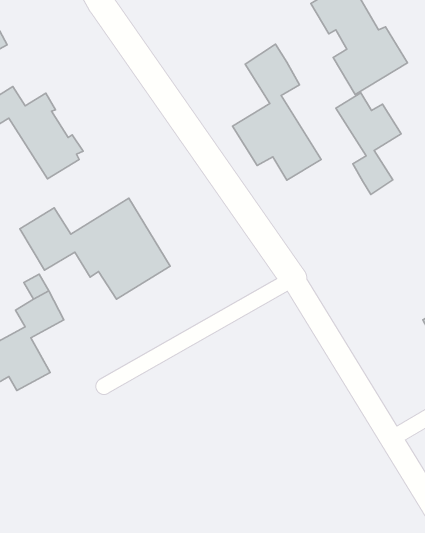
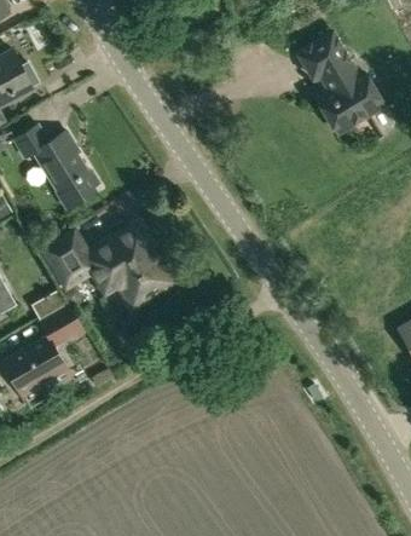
building: [233,44,321,180] -> none
building: [336,93,401,194] -> none

